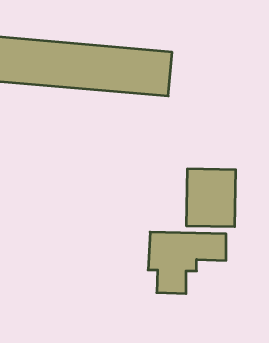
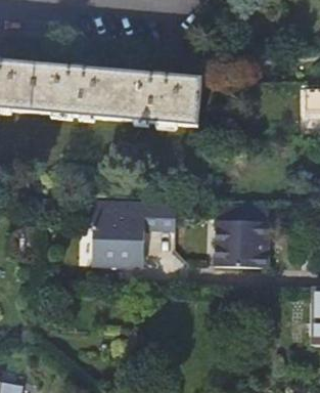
building: [148,232,226,294] -> [92,201,176,267]

